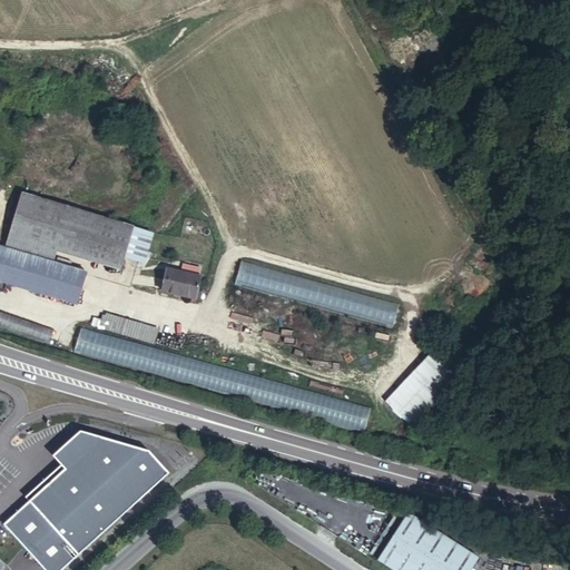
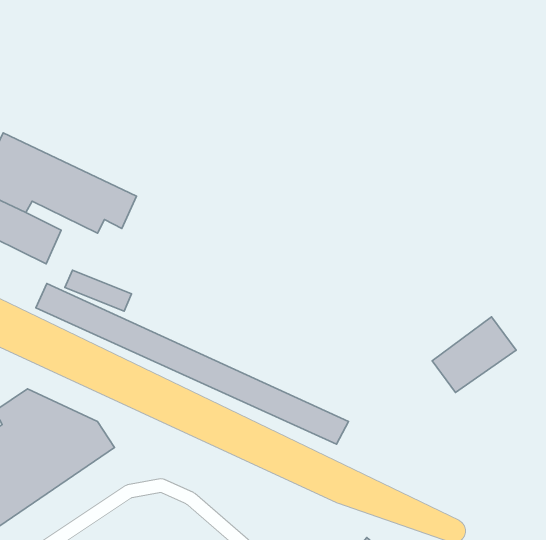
building: [234,262,400,330] -> none
building: [159,269,197,301] -> none
building: [384,353,459,426] -> [432,317,516,393]

